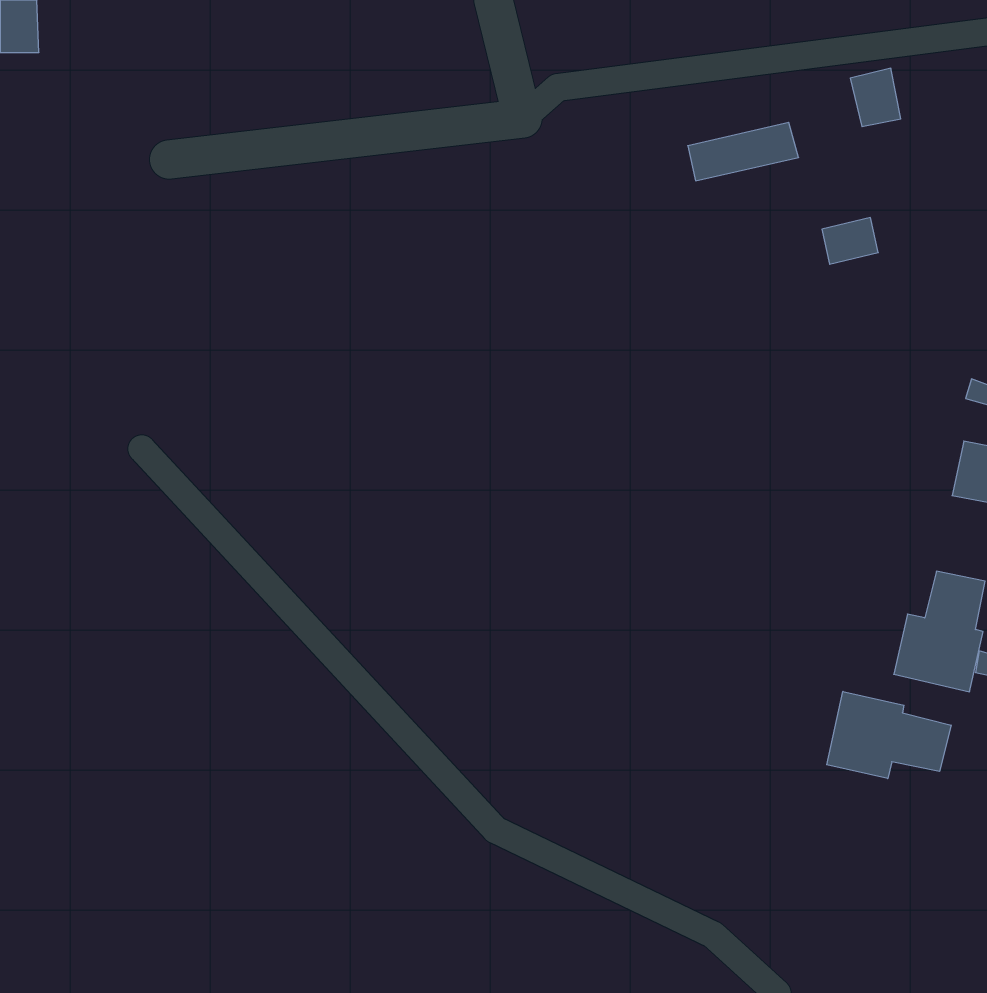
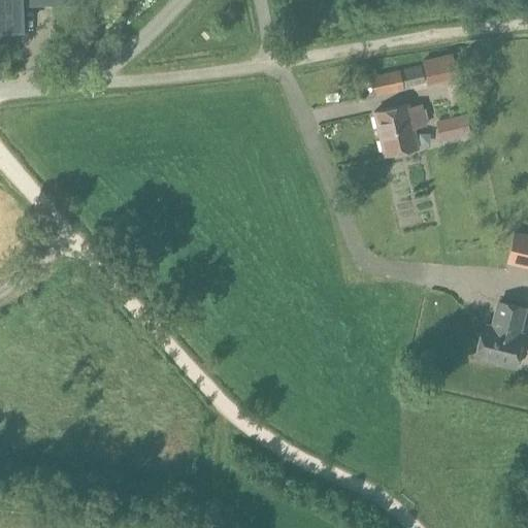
building: [850,68,901,127] -> [426,56,453,87]
building: none -> [376,104,427,155]
building: [827,691,951,779] -> none

